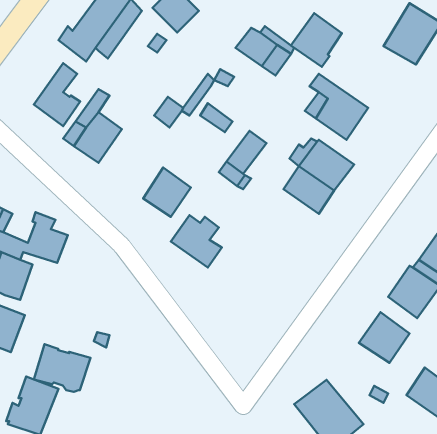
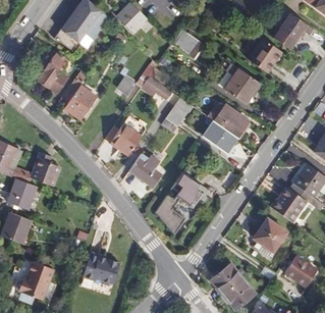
building: [291,13,342,67] -> [247,38,280,73]
building: none -> [155,172,202,232]
building: [34,344,91,392] -> [82,254,119,285]

